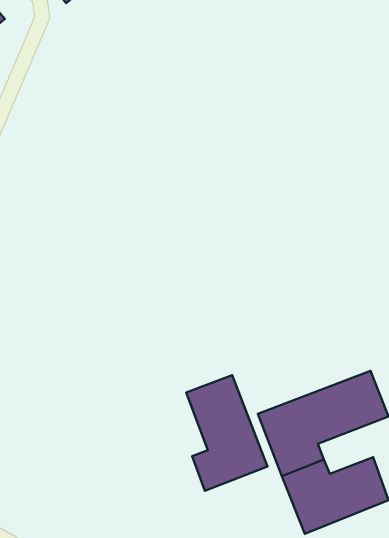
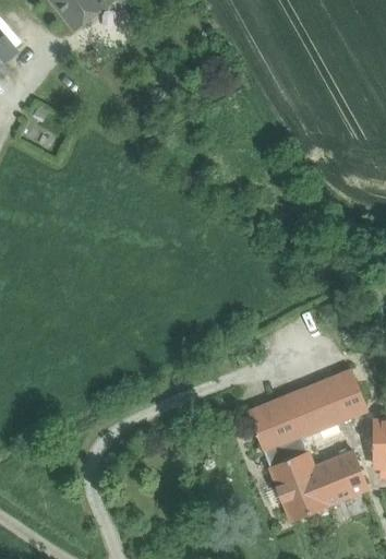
building: [186,375,268,491] -> none

